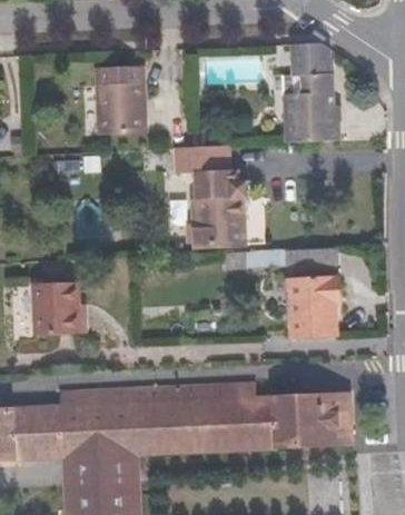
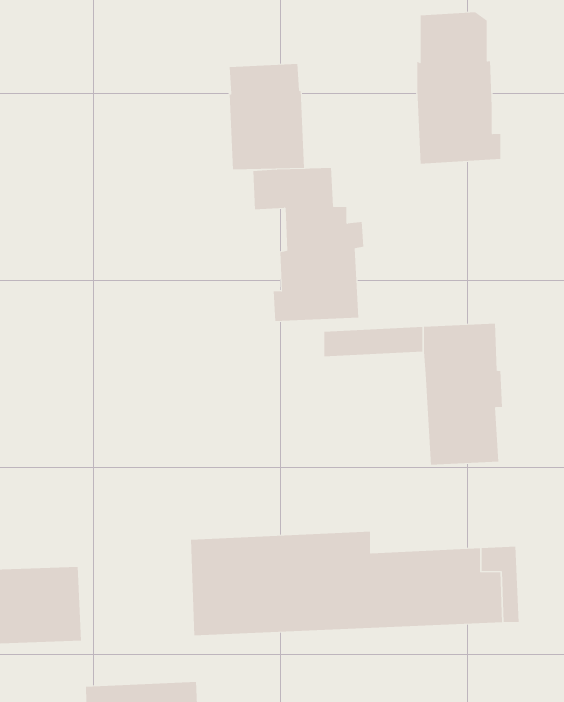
building: [96,65,146,135] -> [229,63,305,170]
building: [32,283,79,335] -> none
building: [60,389,138,486] -> none

